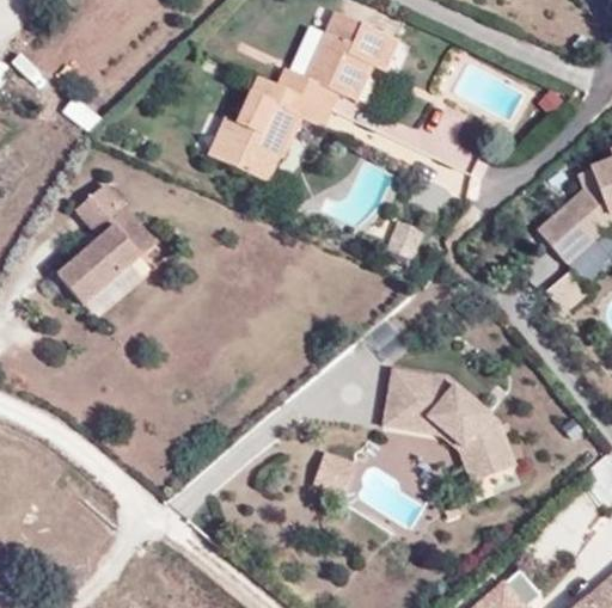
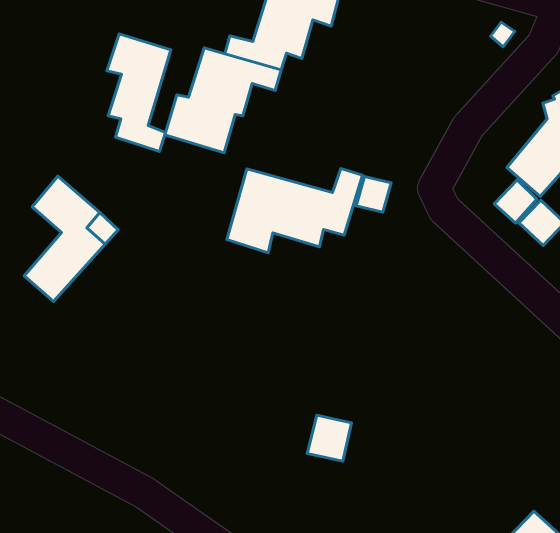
building: none -> [107,34,171,152]
building: none -> [227,169,363,253]
building: [384,369,516,484] -> none

